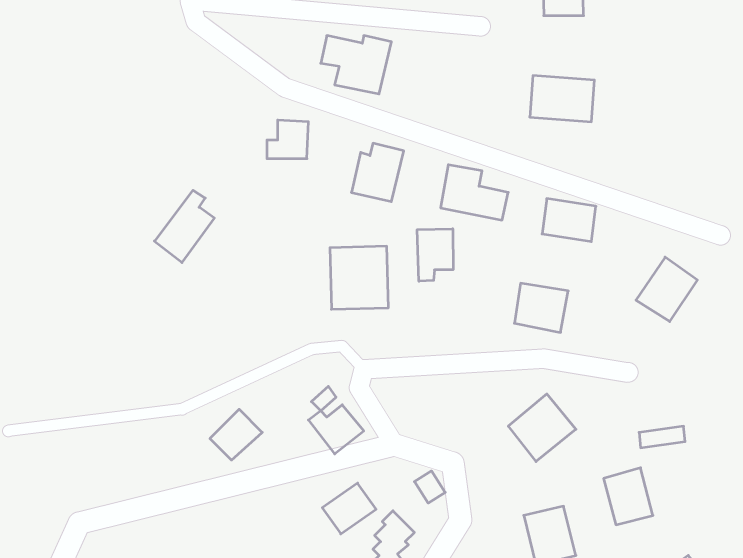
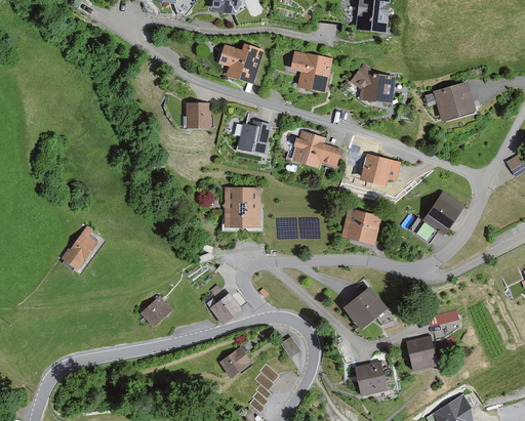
building: none -> [289,51,329,93]
building: none -> [437,81,485,123]
building: [154,190,214,263] -> [63,224,103,272]
building: [417,229,453,281] -> none

